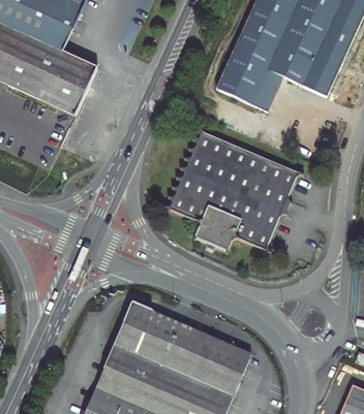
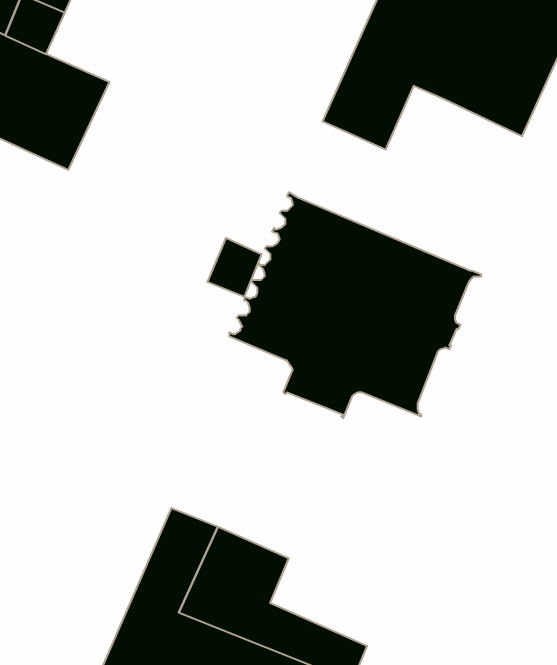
building: [250,68,282,110] -> none
building: none -> [207,238,262,297]
building: [186,329,251,378] -> none

